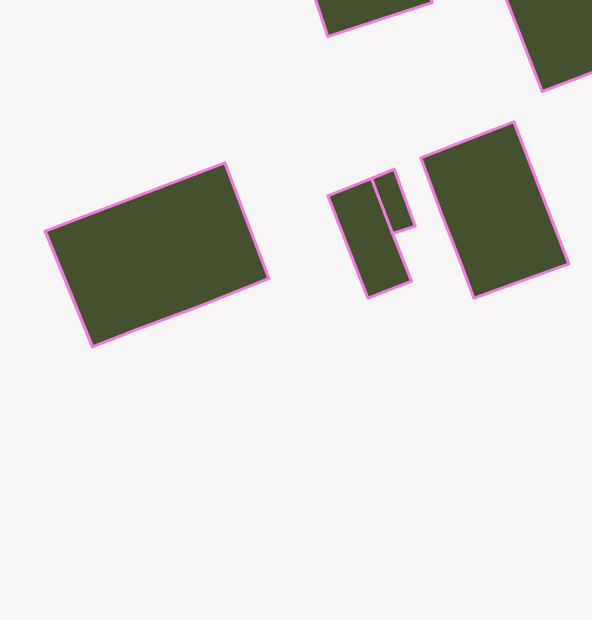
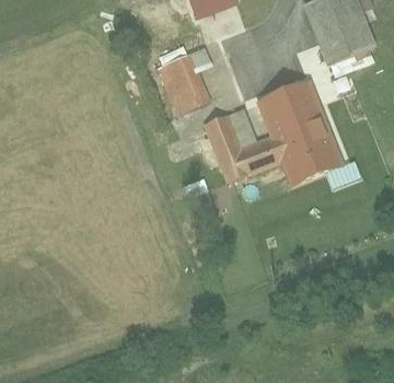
building: none -> [155,47,210,113]
building: [45,163,269,347] -> none
building: none -> [241,135,280,173]

